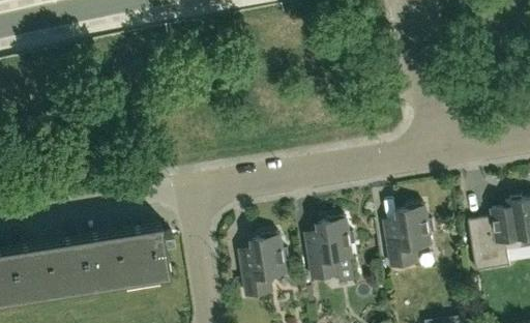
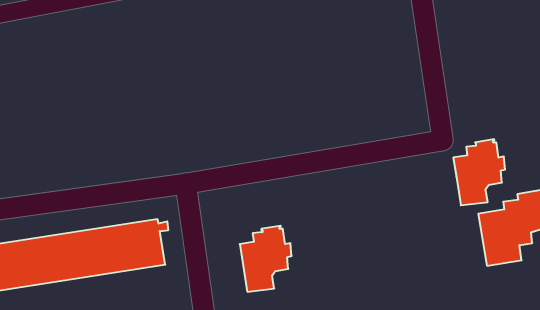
building: [384,206,434,269] -> [453,139,505,205]
building: [305,218,355,282] -> none

